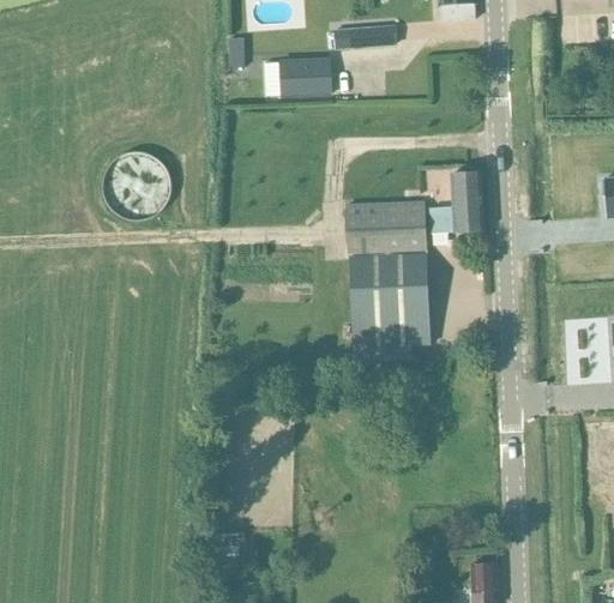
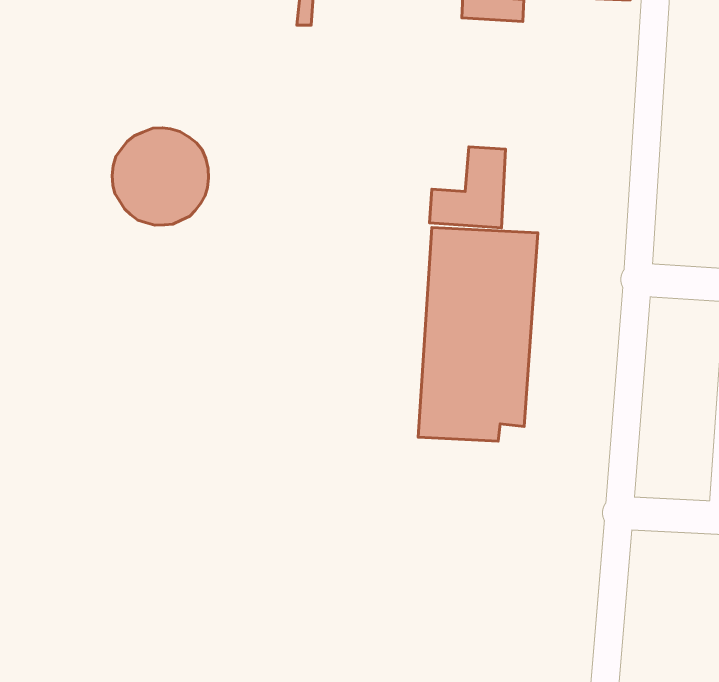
building: [278,58,329,96] -> none
building: [428,171,483,233] -> [430,147,506,228]

